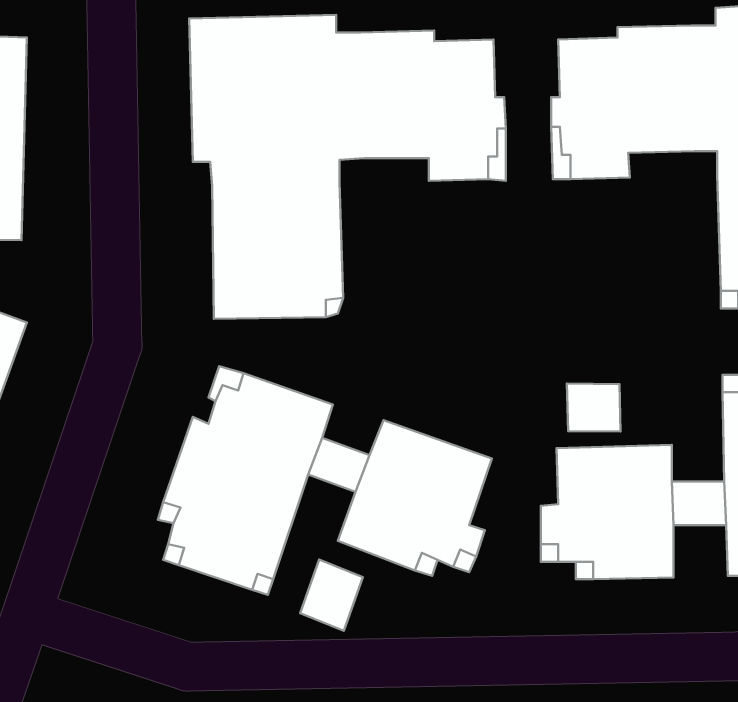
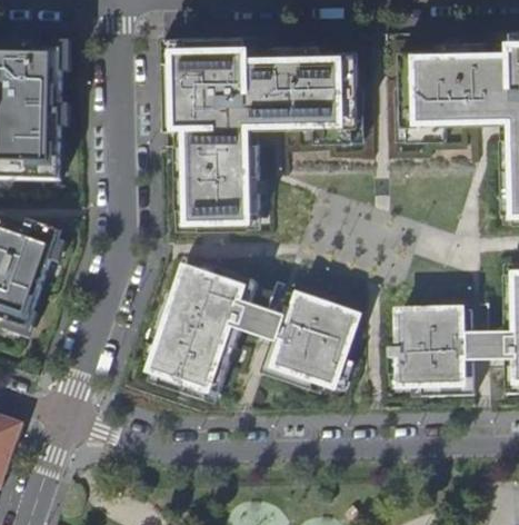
building: [567,384,620,431] -> none
building: [300,560,363,631] -> none

